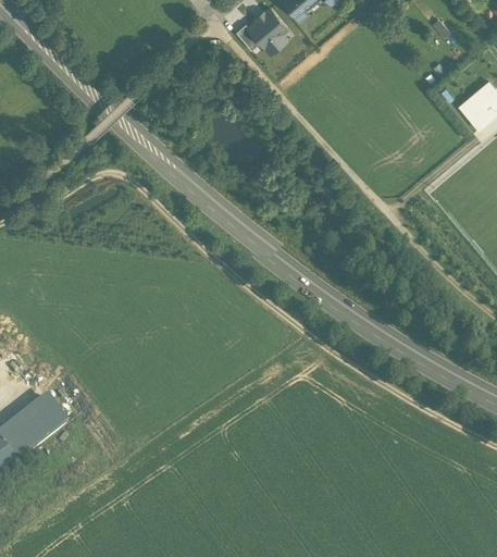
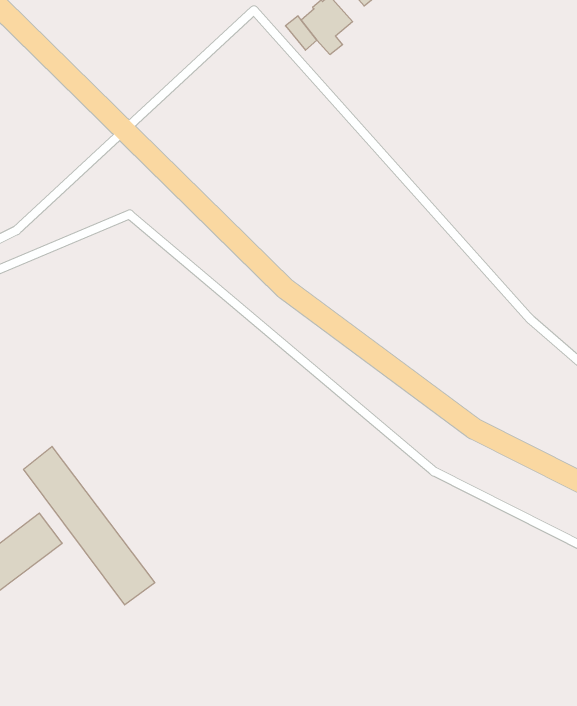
building: none -> [24,446,155,605]

